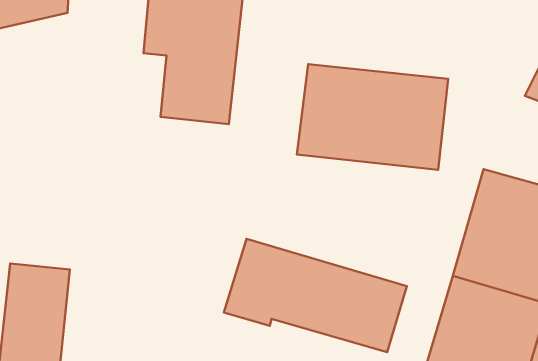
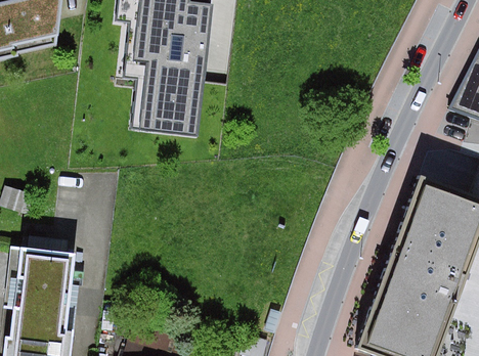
building: [297,64,448,170] -> none
building: [224,239,407,352] -> none

